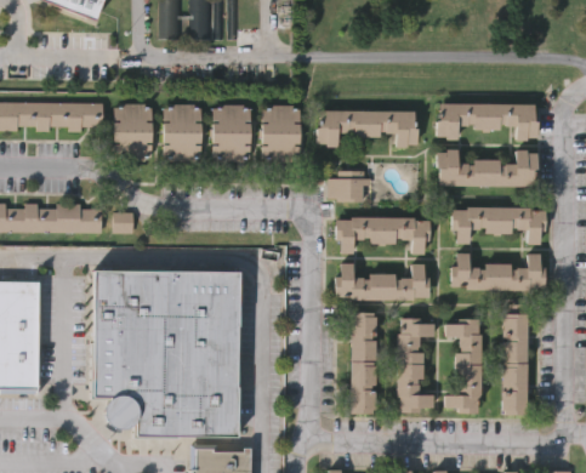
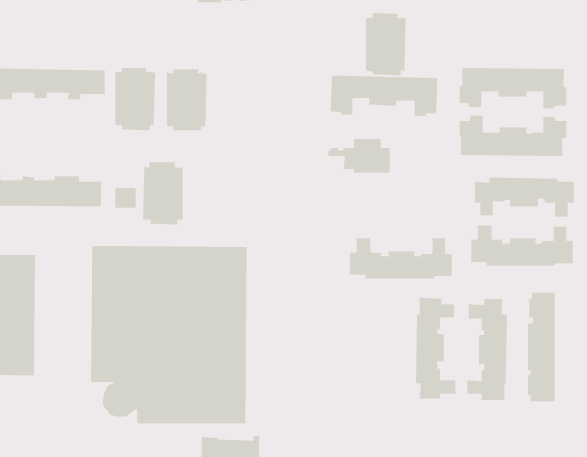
building: [212,103,251,163] -> [142,162,183,225]
building: [262,103,301,163] -> [365,12,407,76]
building: [336,217,431,255] -> none
building: [351,313,377,415] -> none

